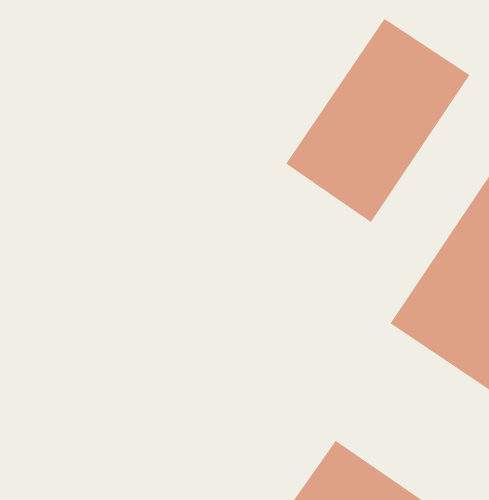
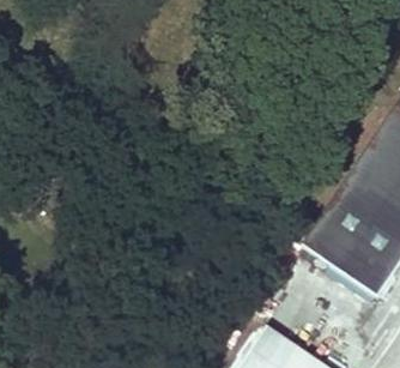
building: [285,18,471,223] -> none

